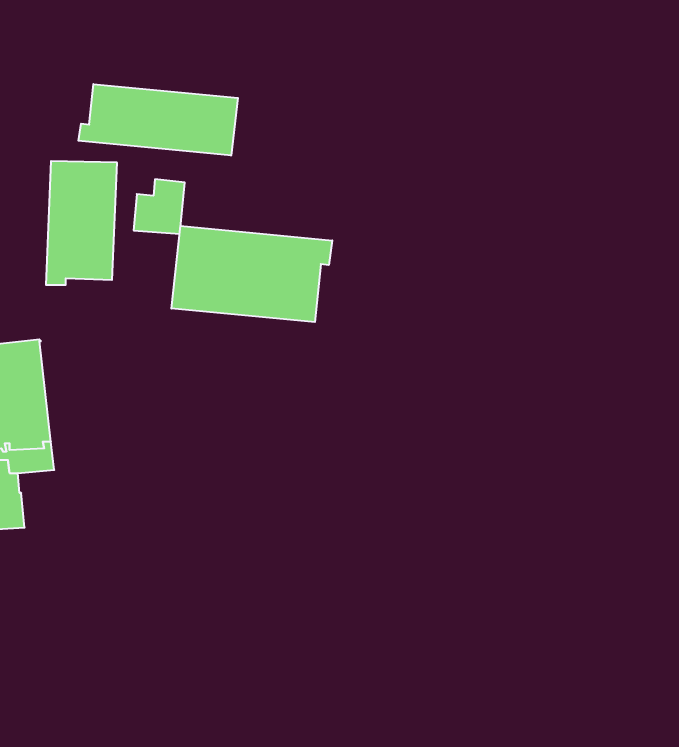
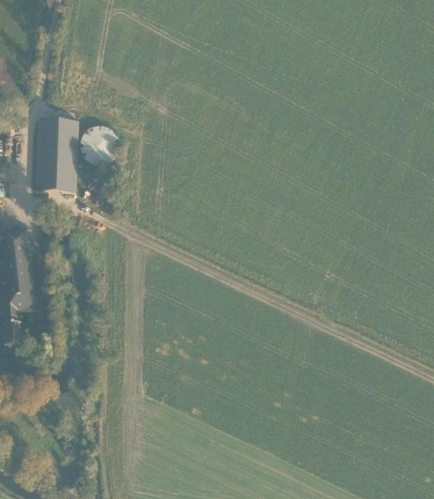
building: [78,84,238,156] -> none
building: [171,226,332,322] -> none

